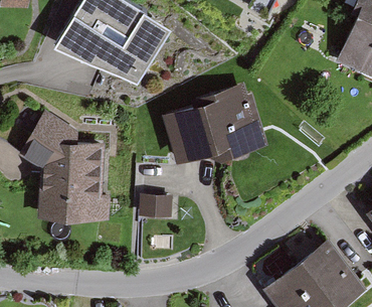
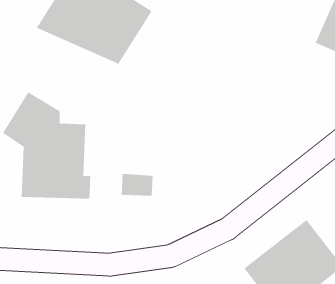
building: [162,83,268,163] -> none

